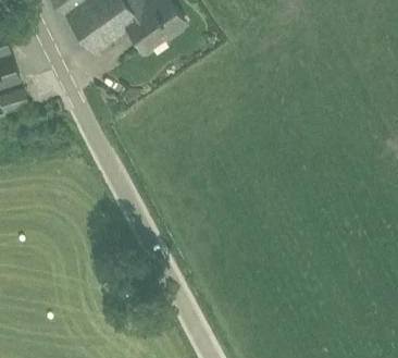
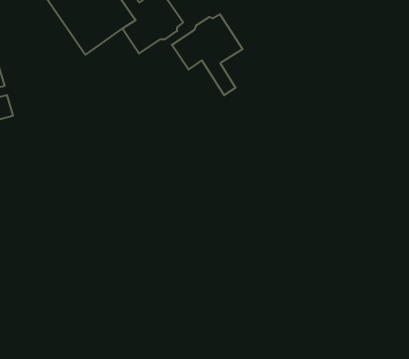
building: none -> [172,14,242,95]

